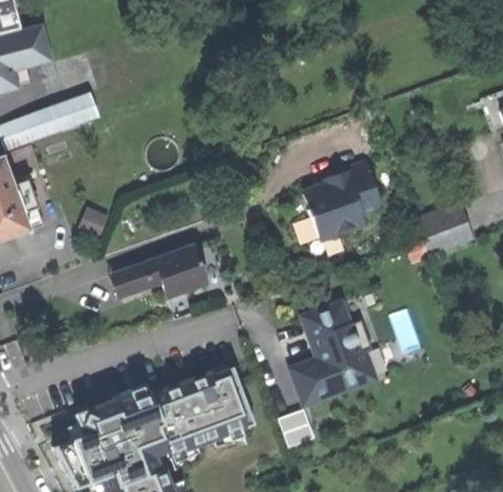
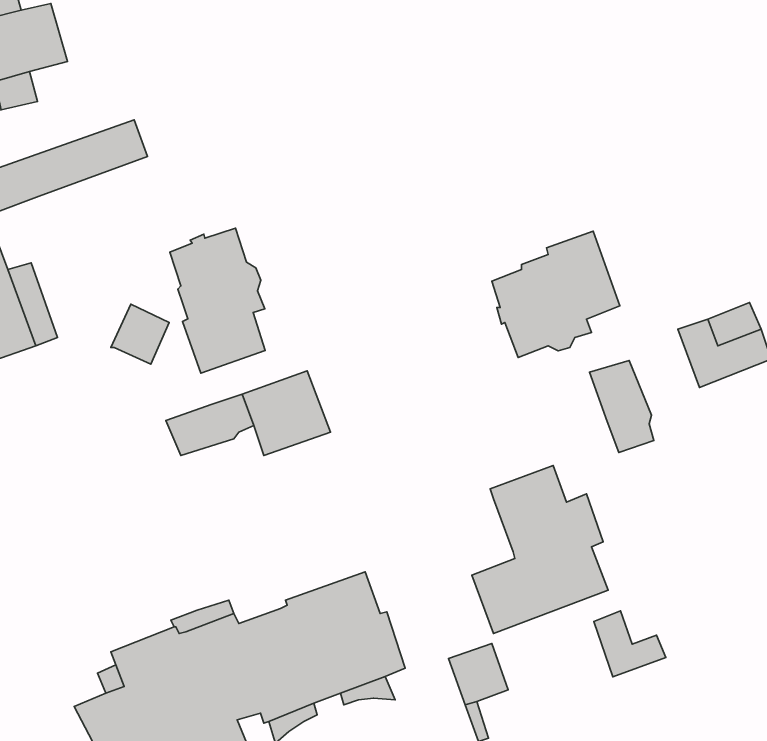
building: none -> [170,228,265,373]
building: none -> [589,361,654,453]
building: none -> [594,611,666,677]

